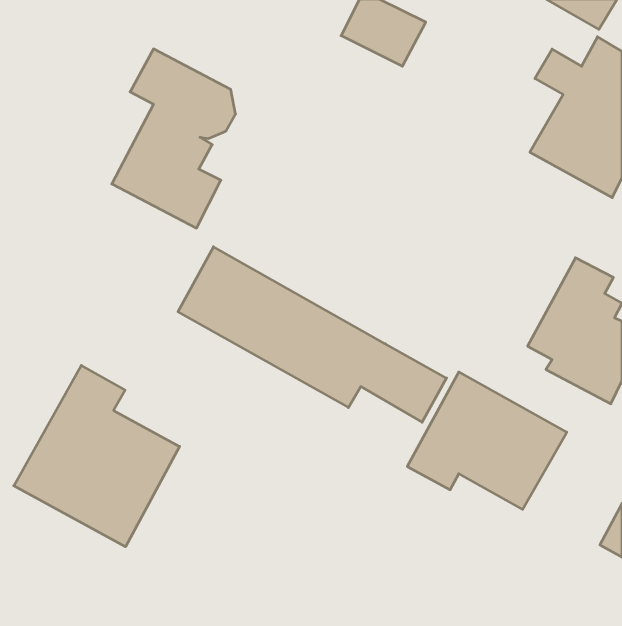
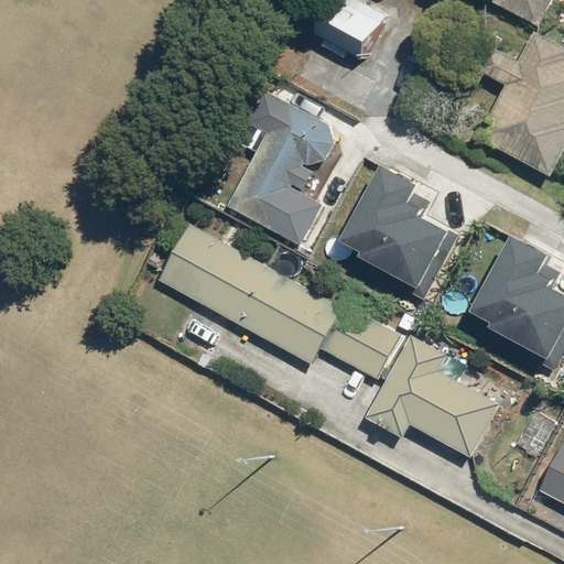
building: [112,49,236,228] -> [214,98,325,259]
building: none -> [345,165,451,290]
building: [14,365,180,547] -> none

